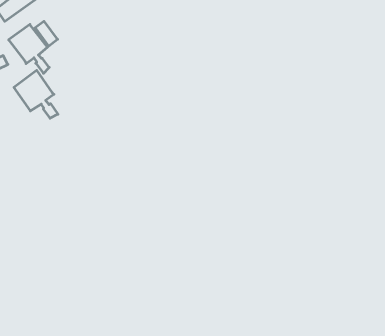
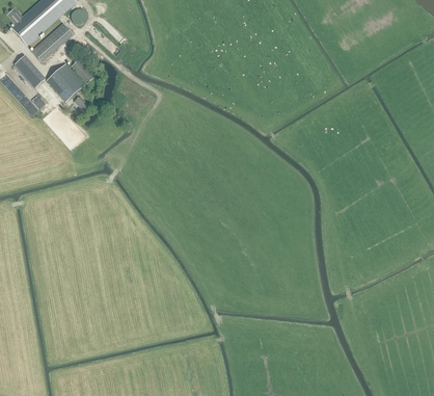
building: [14,70,58,118] -> none

